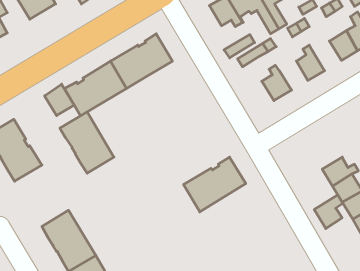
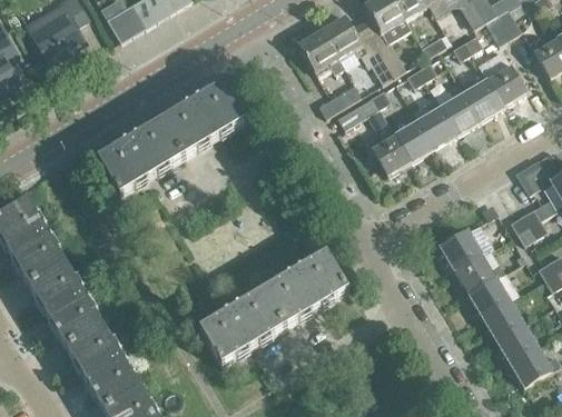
building: none -> [441,81,481,131]
building: none -> [395,118,434,158]
building: [45,84,74,116] -> none
building: [60,112,114,173] -> [29,261,103,346]
building: none -> [441,228,482,267]
building: none -> [199,288,285,364]
building: [314,195,343,229] -> none

